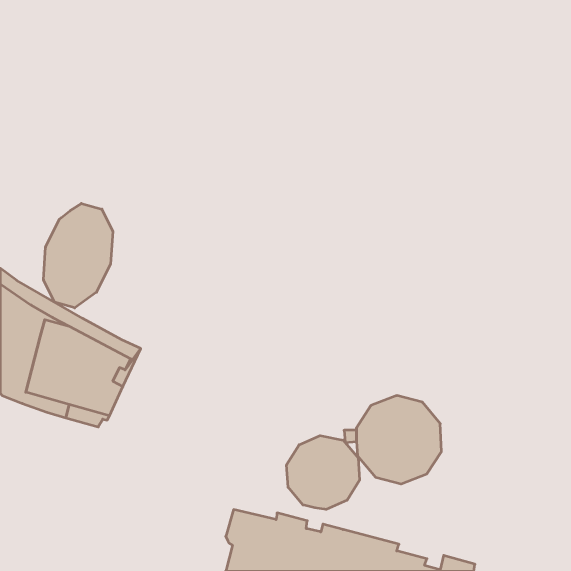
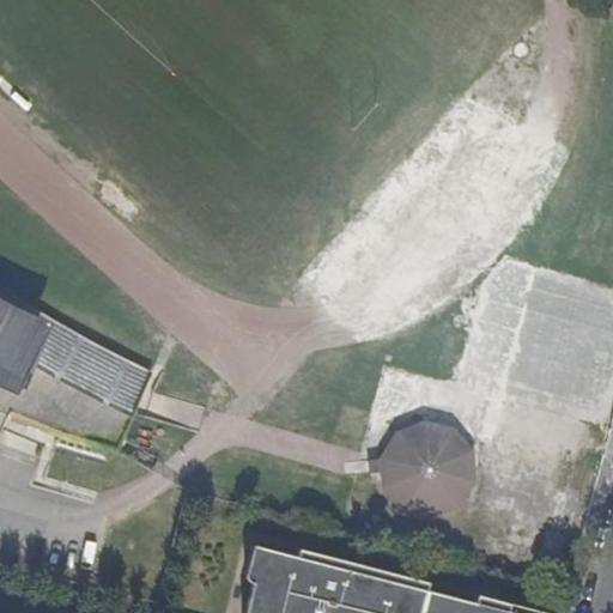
building: [44,203,113,308] -> none
building: [287,436,360,509] -> none

